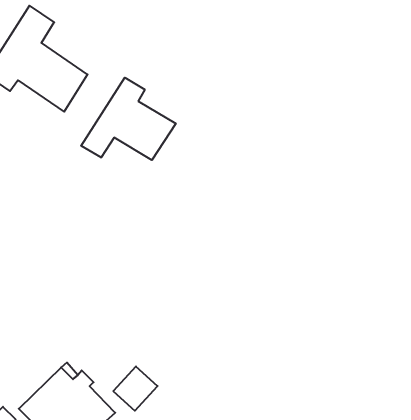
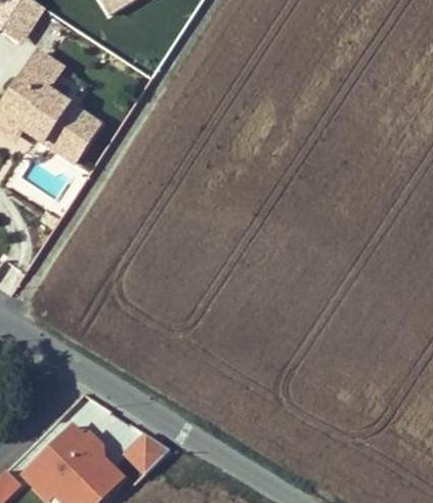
building: [81,78,176,160] -> none

